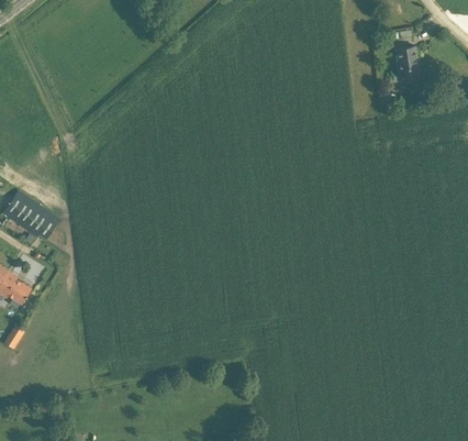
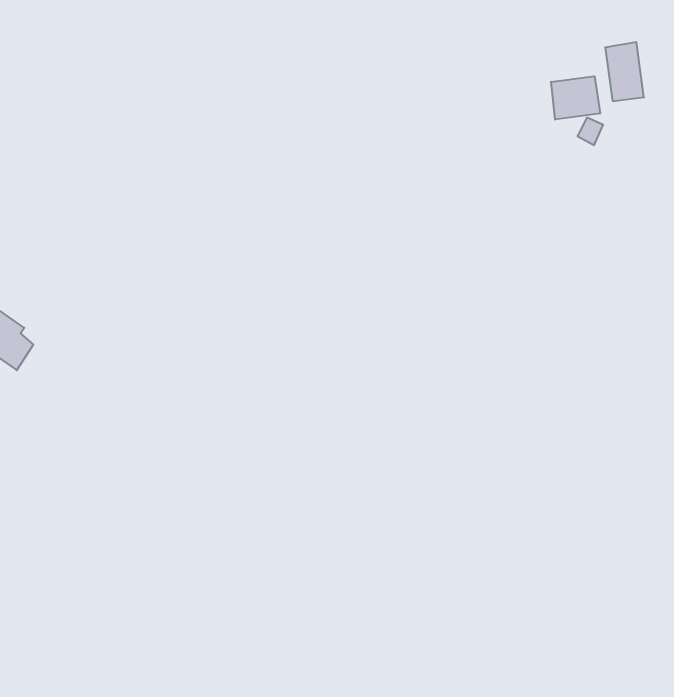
building: none -> [551,76,600,120]

